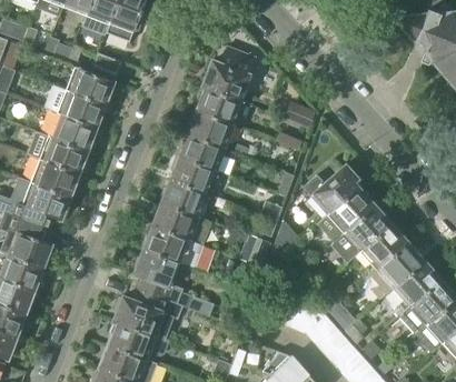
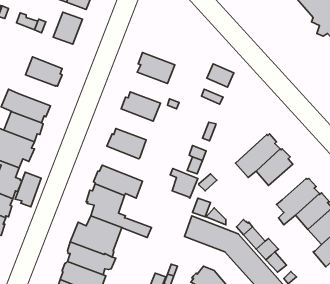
building: [202,46,255,101] -> none
building: [66,67,115,105] -> none
building: [187,110,234,149] -> none
building: [48,113,95,152] -> none
building: [169,155,216,194] -> none
building: [304,165,357,223] -> none
building: [152,202,212,245] -> none
building: [359,223,406,269] -> none
building: none -> [15,172,41,207]

